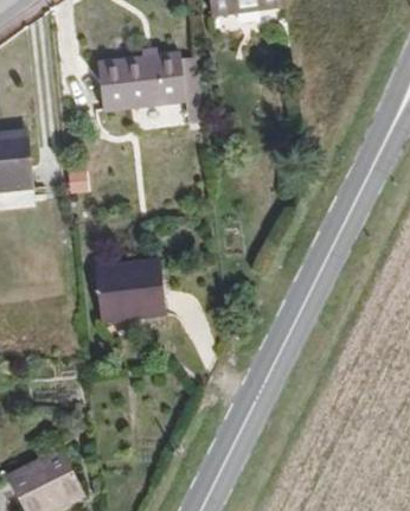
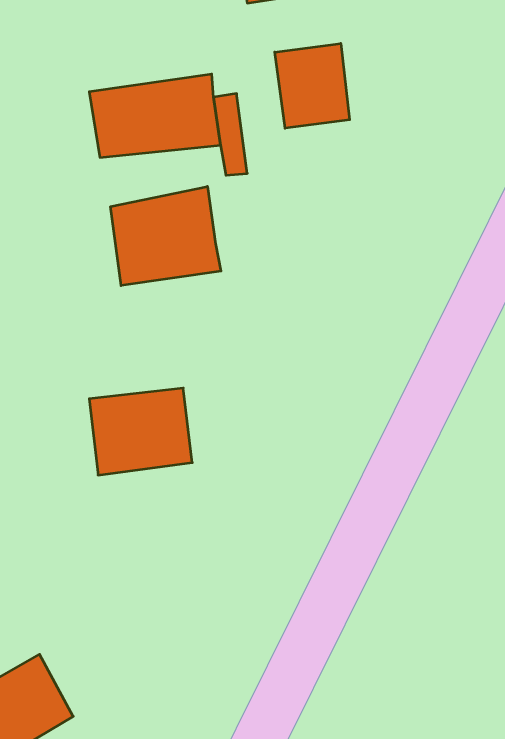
building: none -> [275,43,350,128]
building: none -> [111,186,221,286]

